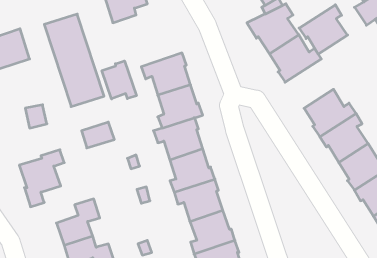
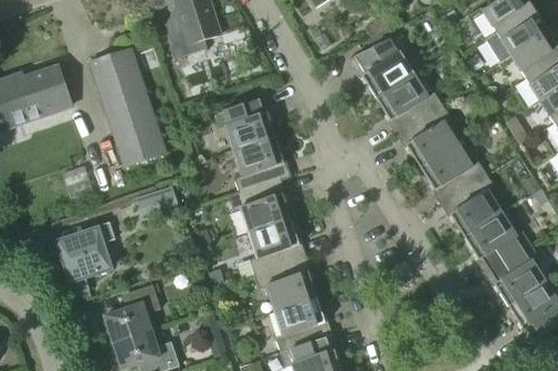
building: [299,5,348,54] -> [397,105,459,168]
building: [102,61,136,99] -> none

